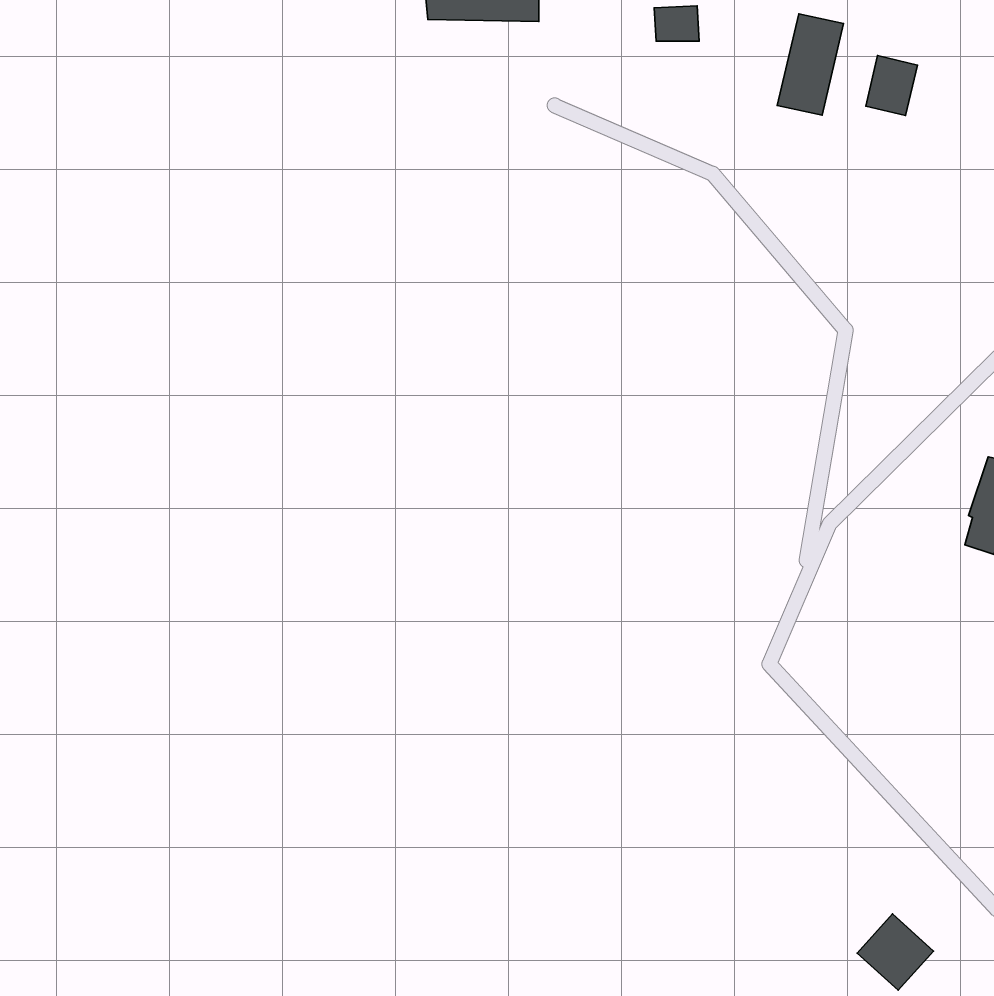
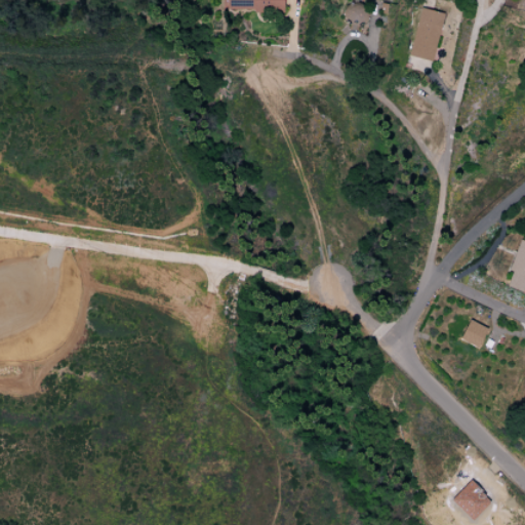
building: [866,56,917,116] -> none
building: none -> [461,320,489,348]

